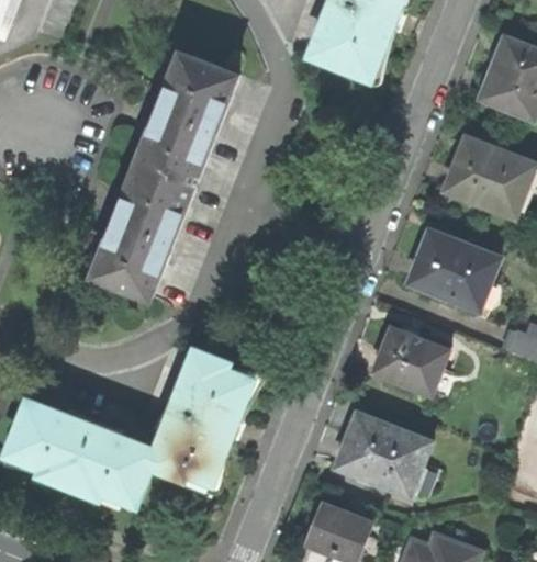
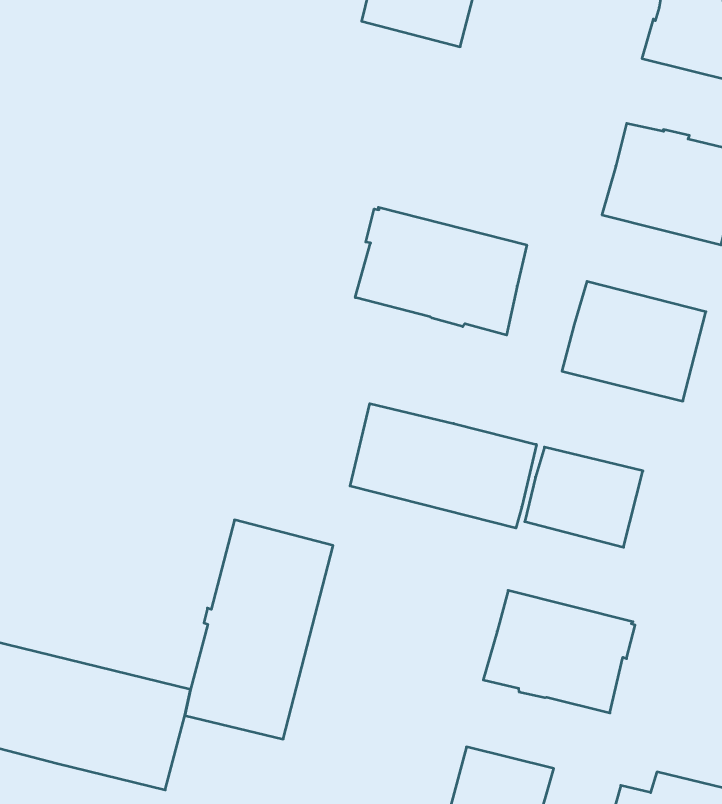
building: [92,53,236,299] -> none
building: none -> [355,207,527,335]
building: none -> [350,404,536,528]

